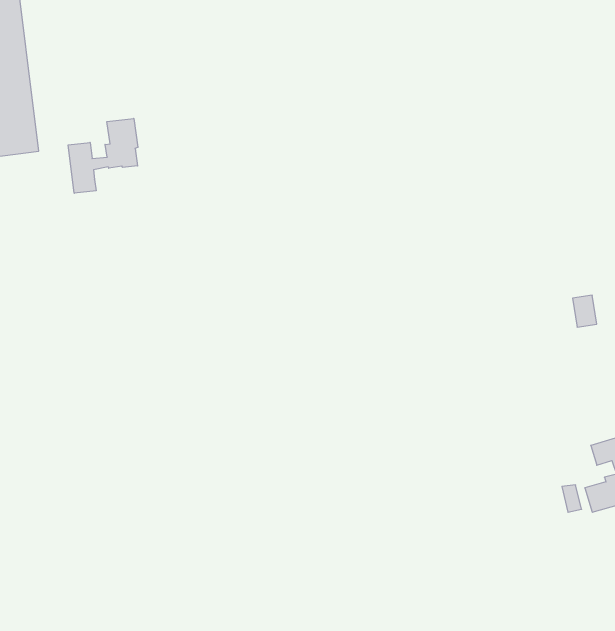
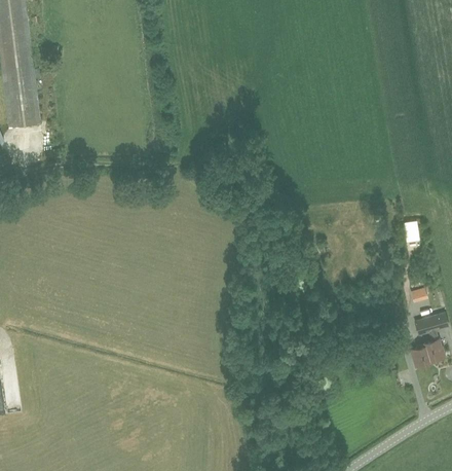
building: [68,118,138,193] -> none

